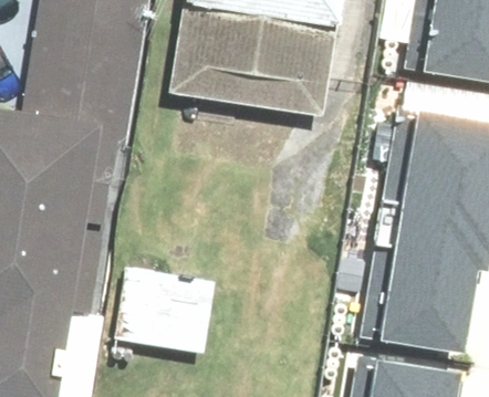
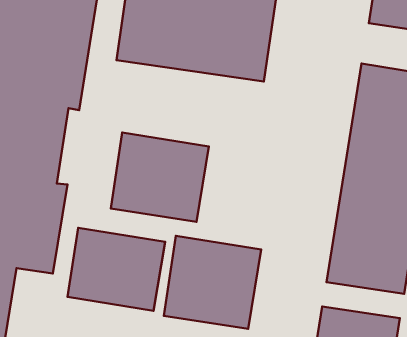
building: none -> [111,133,209,222]
building: none -> [164,236,261,329]

